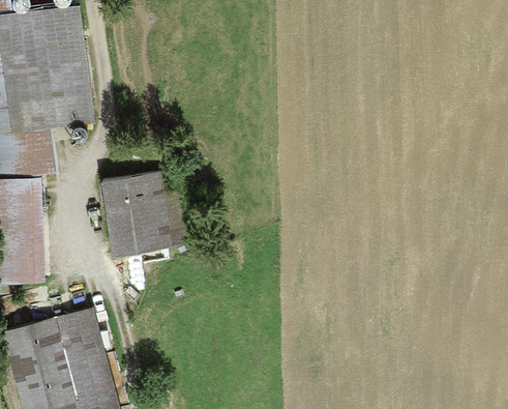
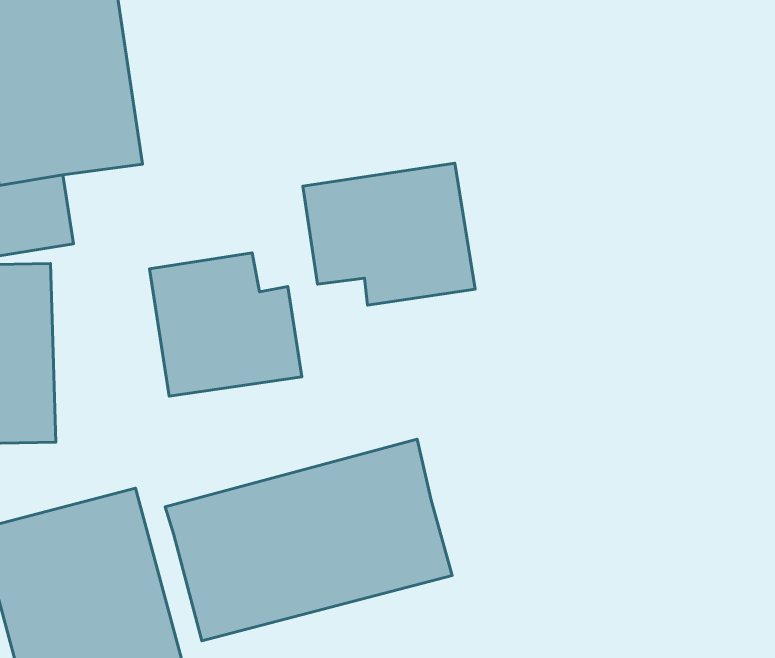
building: none -> [303,163,475,305]
building: none -> [165,439,452,641]

